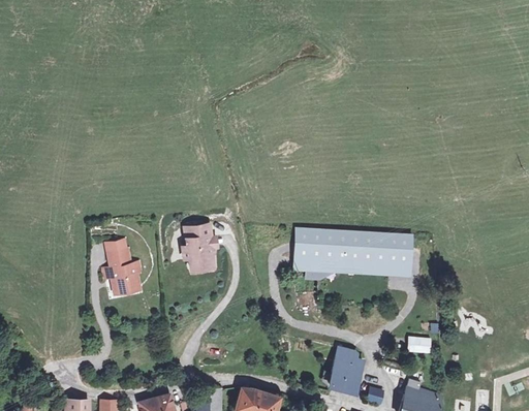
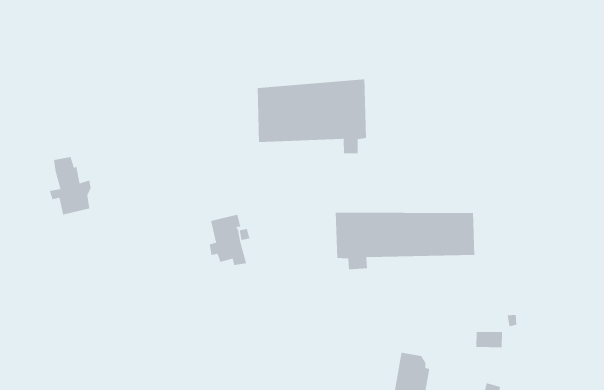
building: none -> [257,78,367,154]
building: [103,243,139,292] -> [49,156,92,215]

